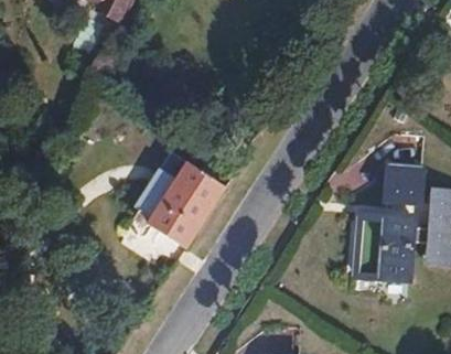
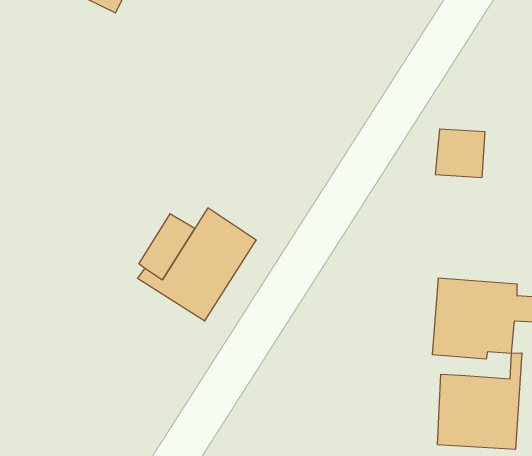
building: [386,164,423,201] -> [435,129,485,177]
building: none -> [438,353,522,449]

